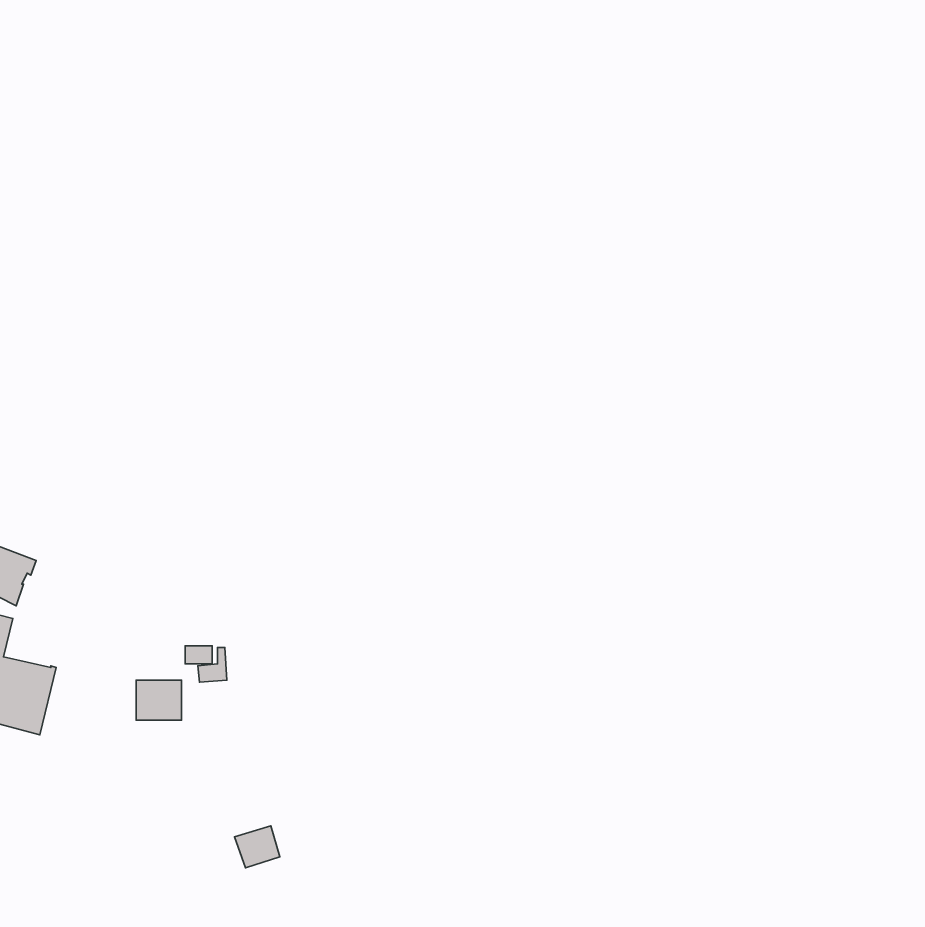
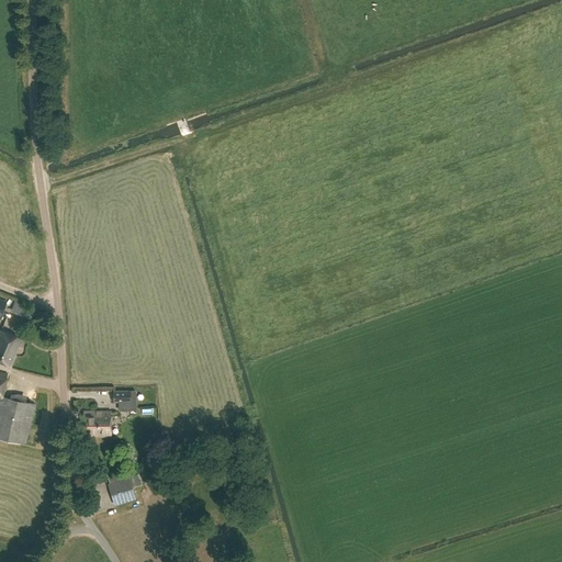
building: [235,826,280,868] -> [106,479,134,504]

